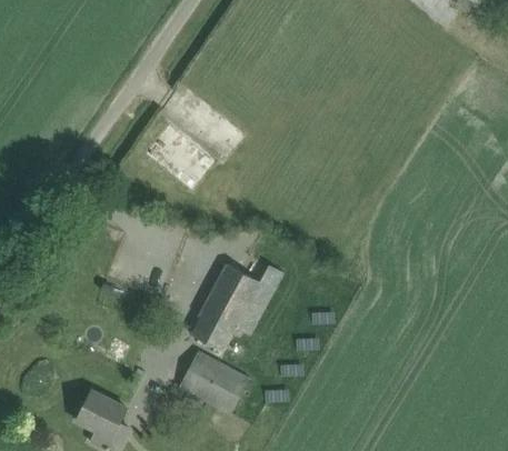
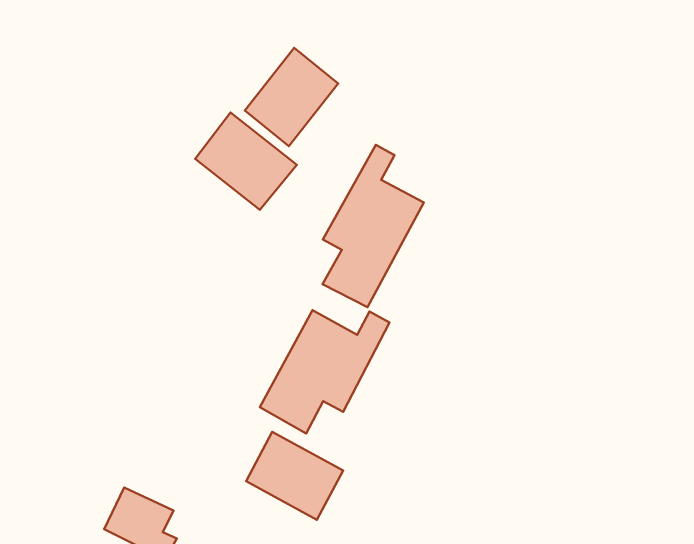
building: none -> [245,48,338,146]
building: none -> [323,145,424,307]

